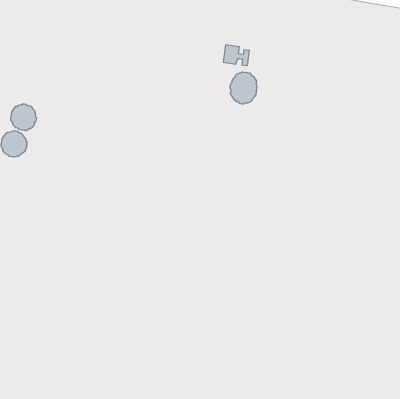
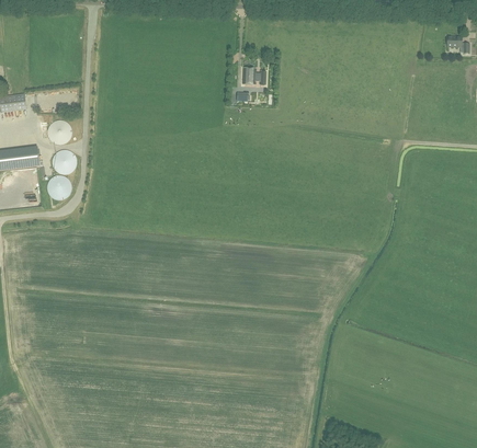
building: [230,72,257,104] -> none
building: none -> [48,119,72,143]

